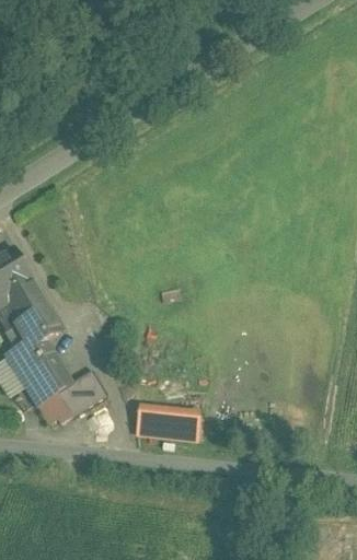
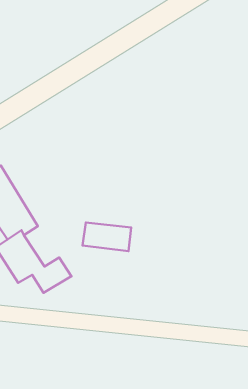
building: [137,396,201,434] -> [83,223,131,251]

